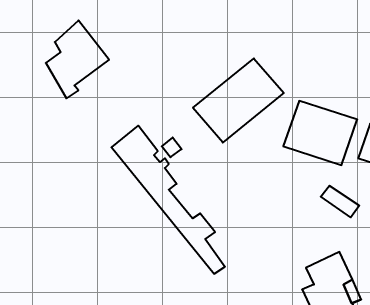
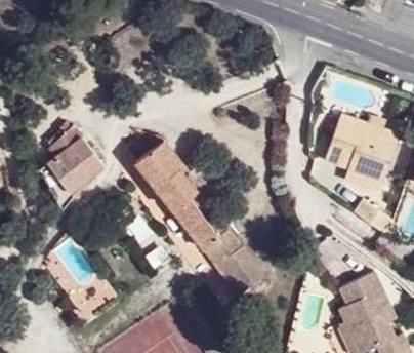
building: [46,20,109,98] -> [38,126,104,207]
building: [193,58,284,143] -> none

